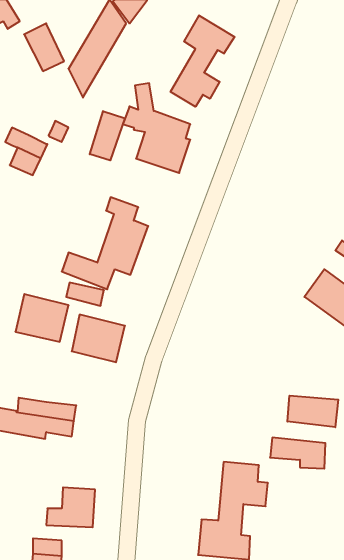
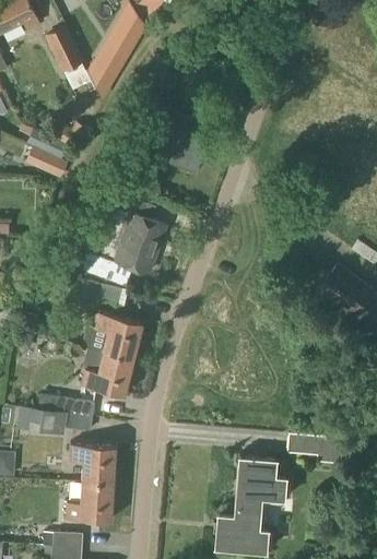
building: [171,15,235,107] -> none
building: [90,111,125,160] -> none
building: [15,294,69,342] -> [82,348,134,395]
building: [287,396,338,427] -> none
building: none -> [69,445,115,485]

